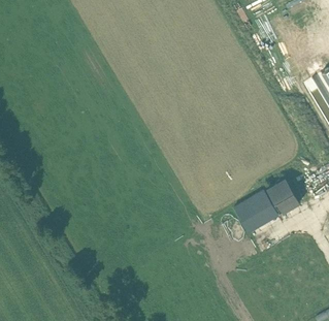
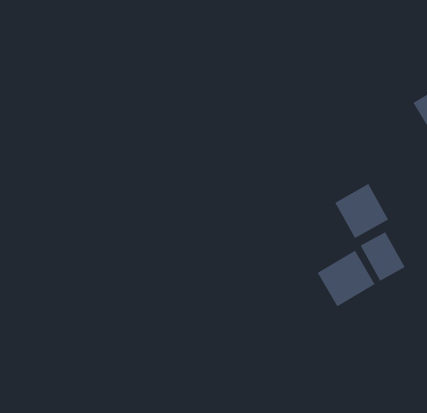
building: none -> [335,183,389,239]

